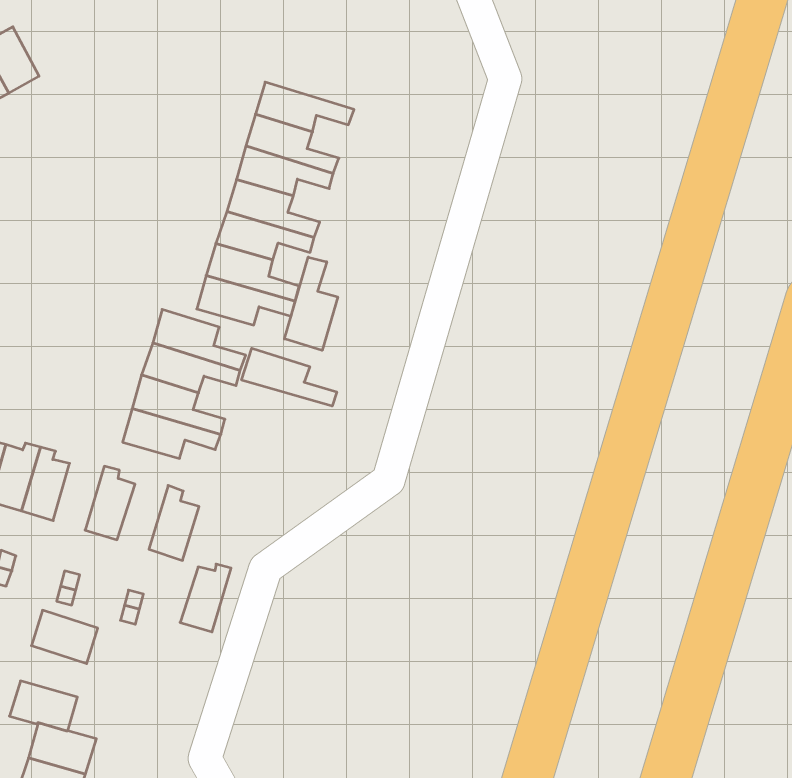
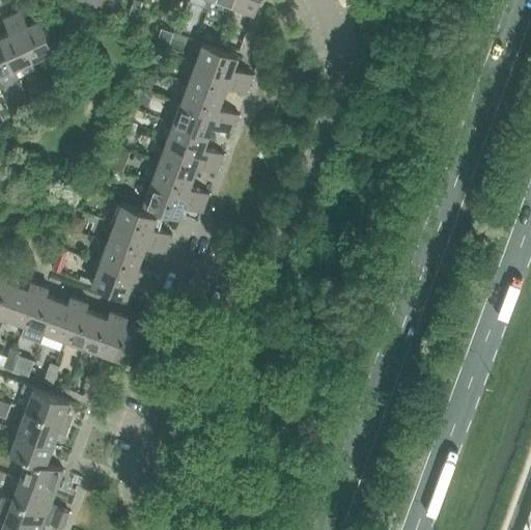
building: none -> [194,46,252,87]
building: [284,257,338,350] -> none
building: [242,348,337,406] -> none
building: none -> [44,299,78,341]
building: [180,564,231,632] -> [83,313,117,356]
building: none -> [17,412,59,446]

